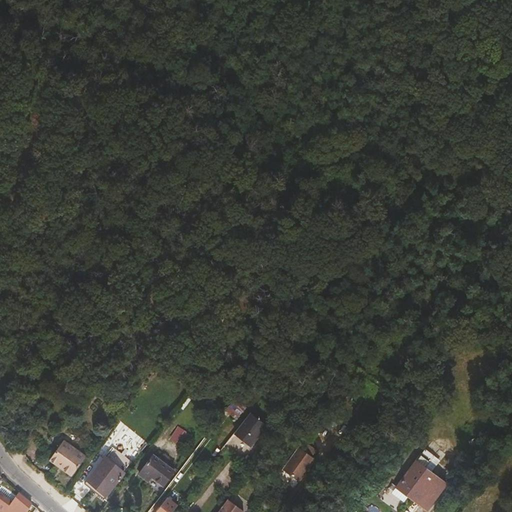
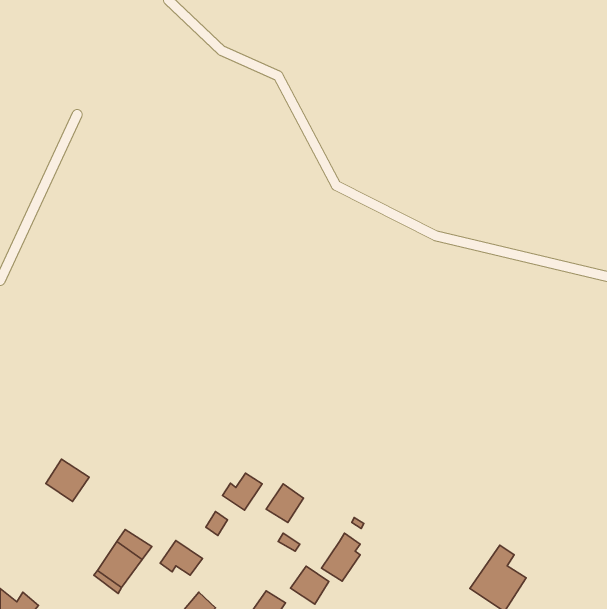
building: none -> [222,473,262,510]
building: [51,442,87,477] -> [46,459,89,501]
building: none -> [290,566,329,604]

